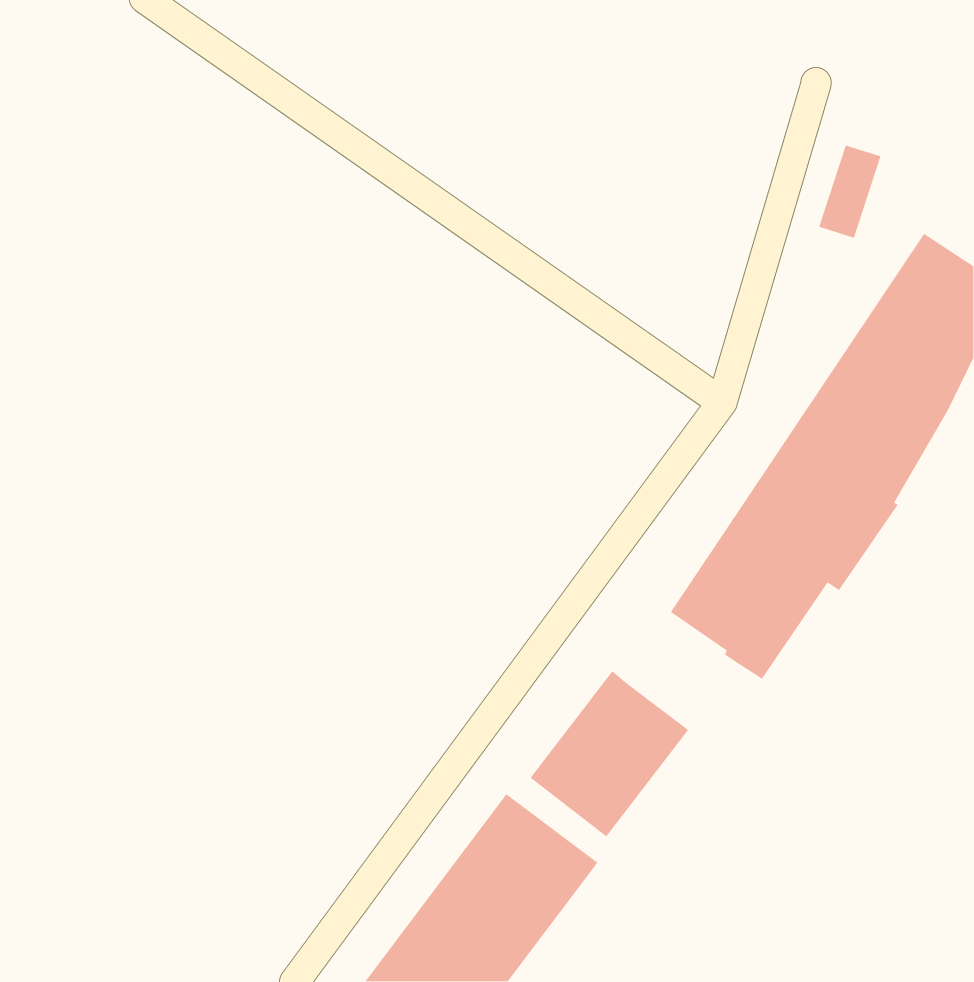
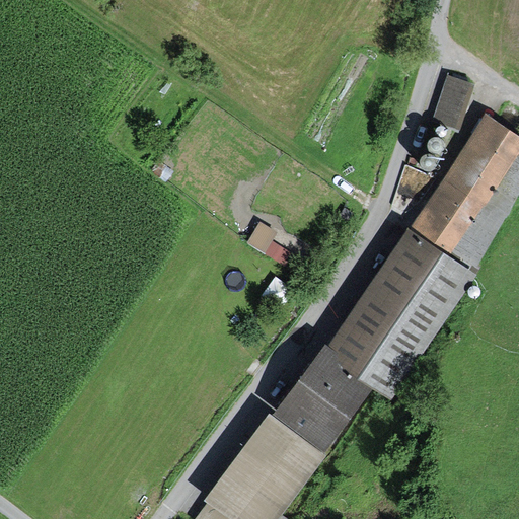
building: none -> [243,219,288,262]
building: none -> [329,322,401,393]

